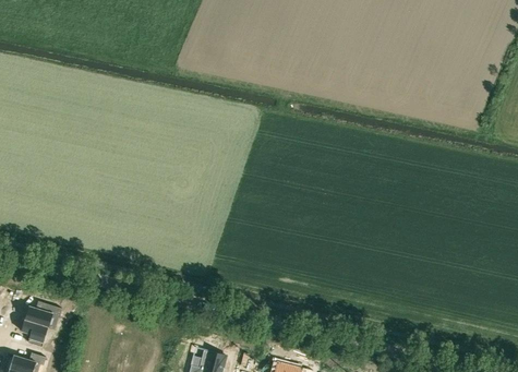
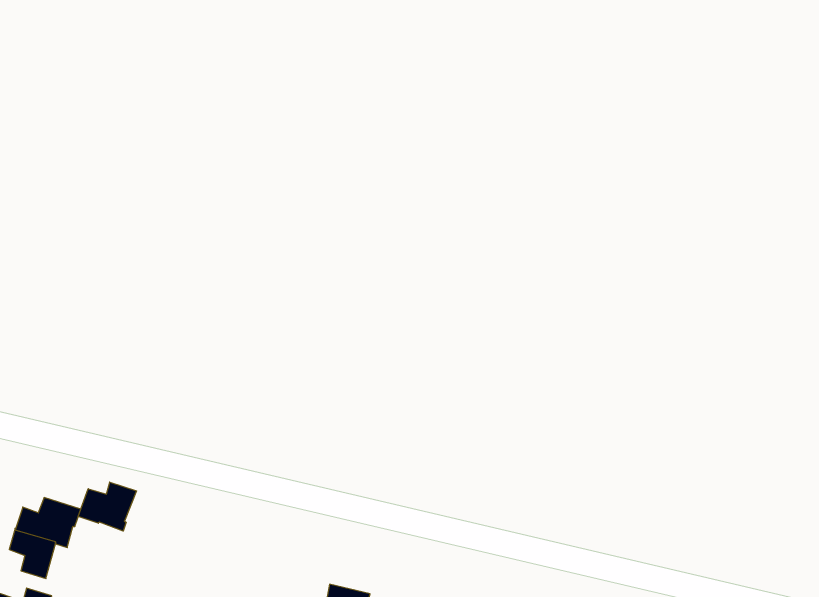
building: none -> [78,482,137,531]

